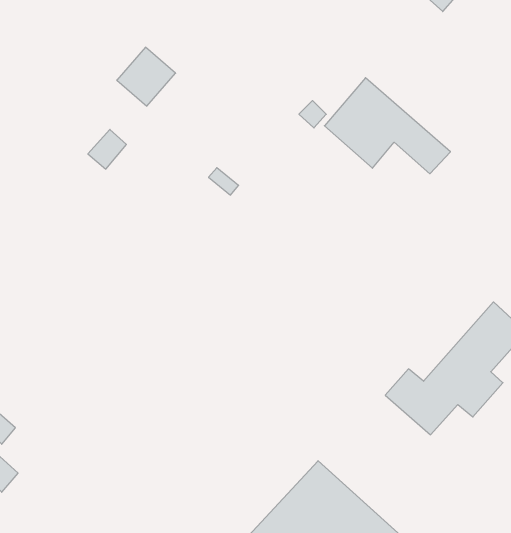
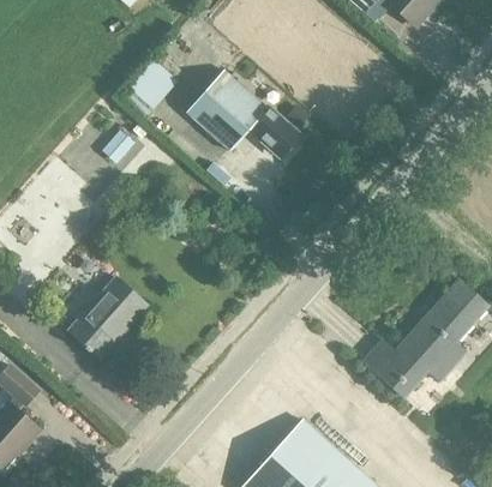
building: [324,78,450,174] -> [187,72,298,156]
building: none -> [67,277,146,359]

